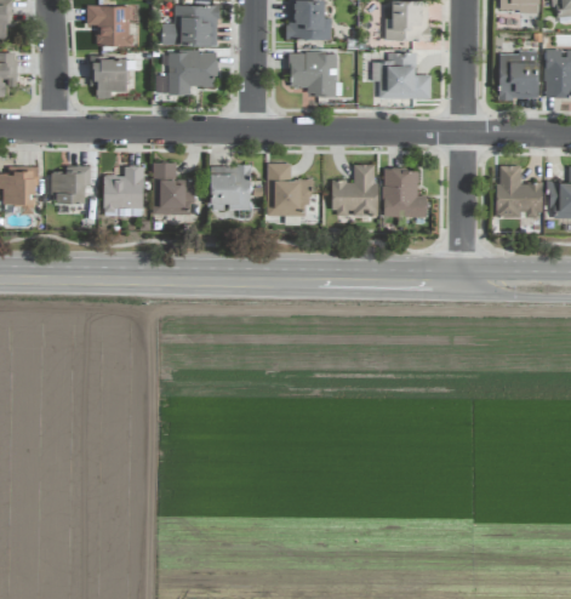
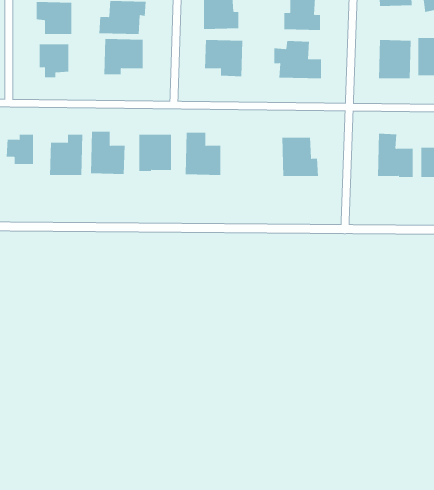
building: [333,165,377,216] -> none

